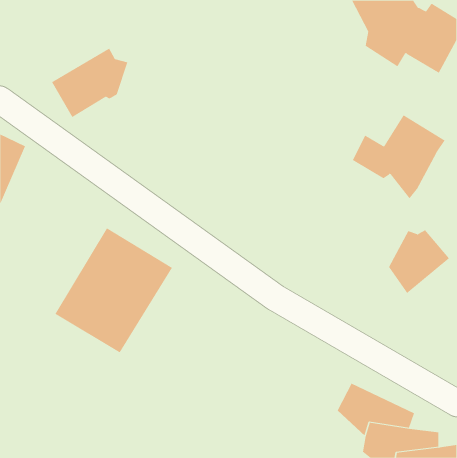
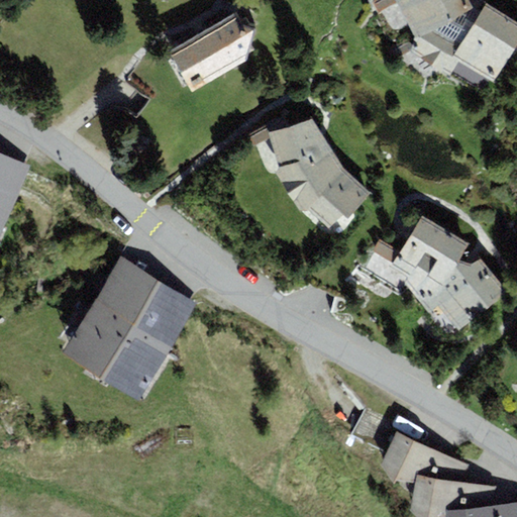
building: [51,48,128,118] -> [169,12,255,91]
building: none -> [269,118,369,228]
building: [352,114,445,200] -> [364,216,469,312]

